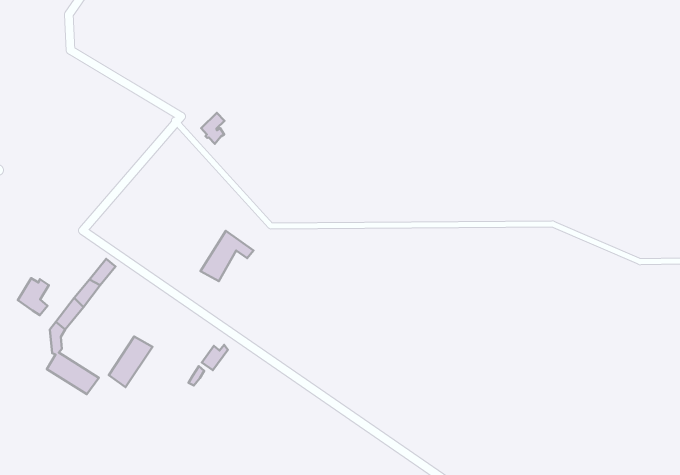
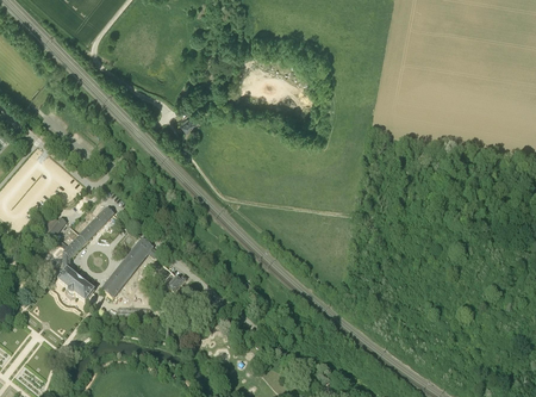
building: [201,231,253,281] -> [121,236,160,271]

